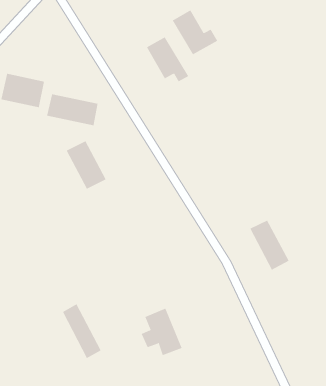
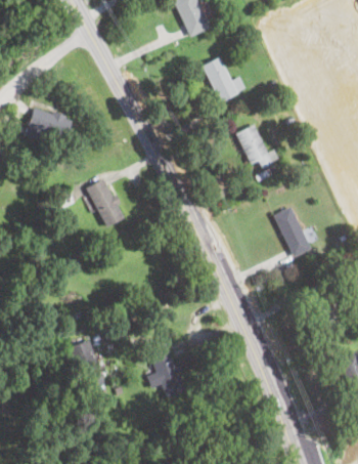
building: [146,36,189,82] -> [234,123,274,169]
building: [46,94,98,126] -> none
building: [250,220,290,270] -> [274,207,311,257]

